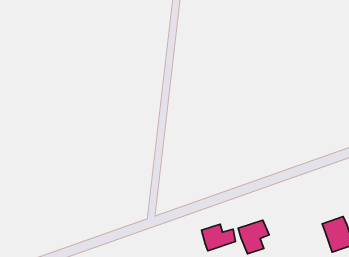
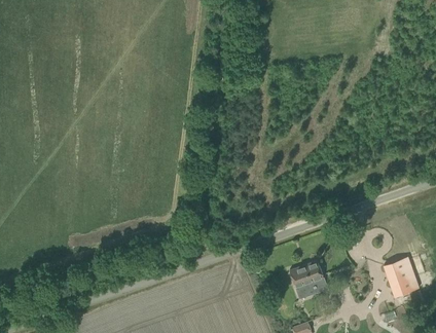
building: [202,224,235,251] -> none

